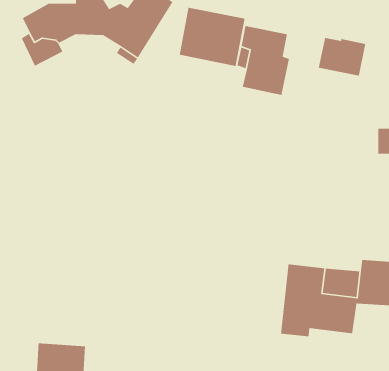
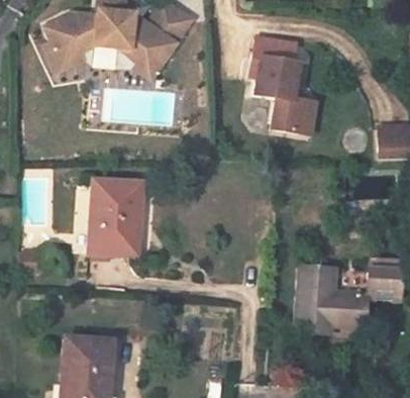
building: [179,7,246,67] -> none
building: [318,37,366,77] -> [273,101,318,138]
building: none -> [87,182,141,256]

